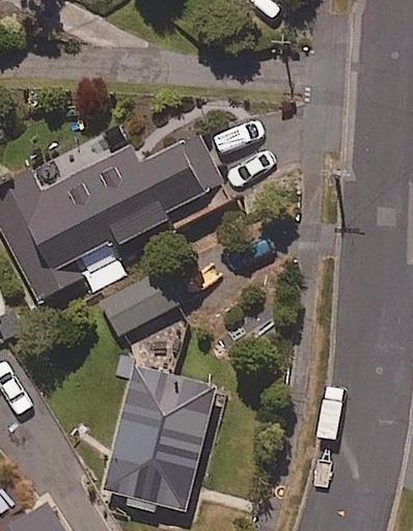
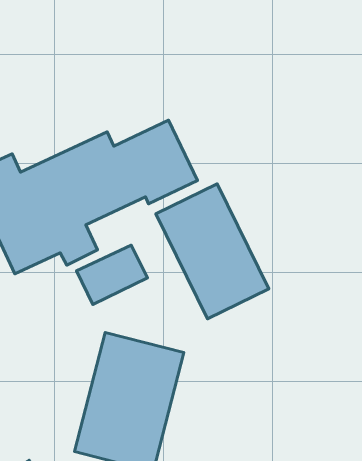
building: none -> [156,184,269,319]

